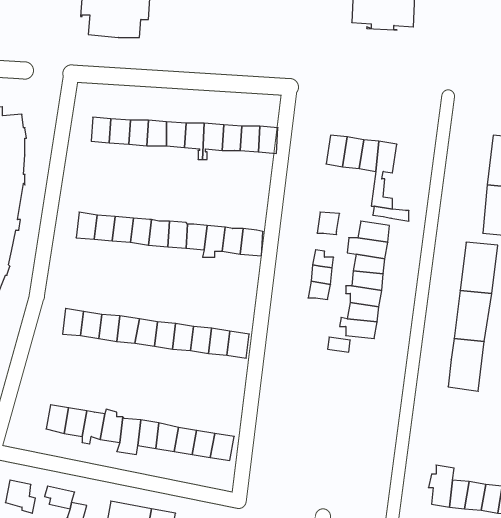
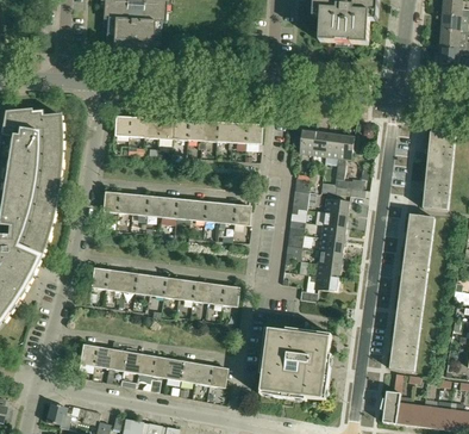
building: none -> [259,328,331,401]
building: none -> [389,329,419,371]

